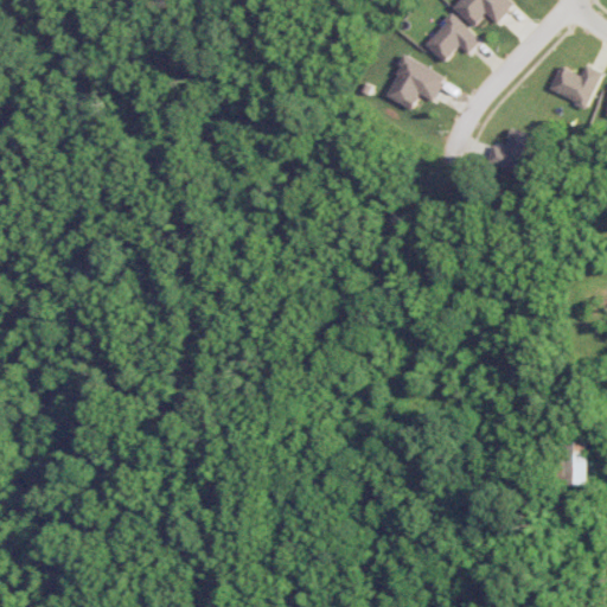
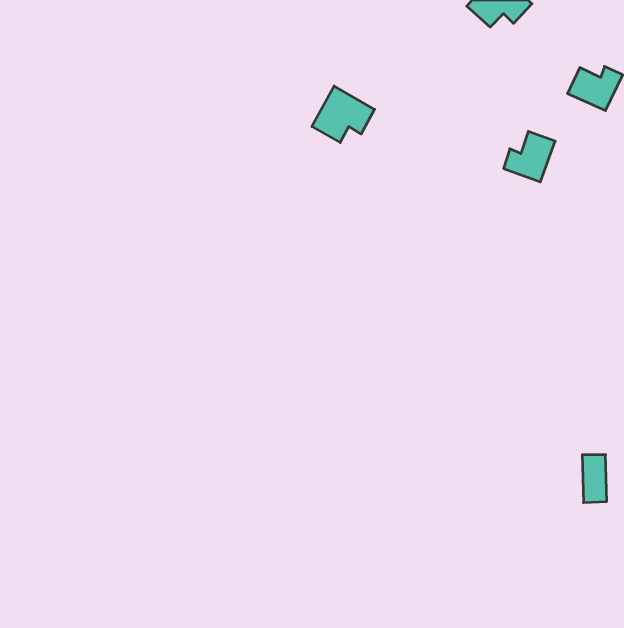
building: [424,14,480,62] -> none
building: [384,55,445,109] -> [312,86,375,143]

